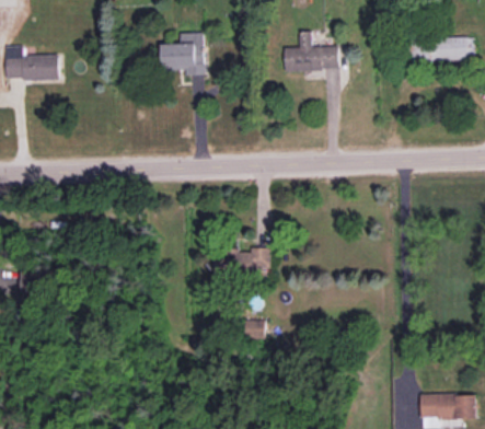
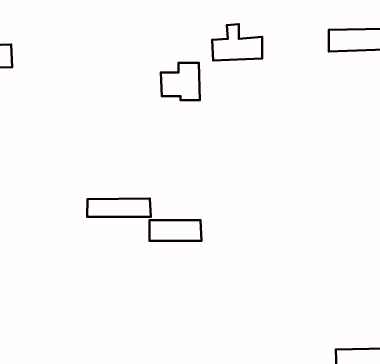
building: [161,33,205,74] -> [161,63,200,100]
building: none -> [87,198,151,217]
building: [244,317,265,338] -> none

